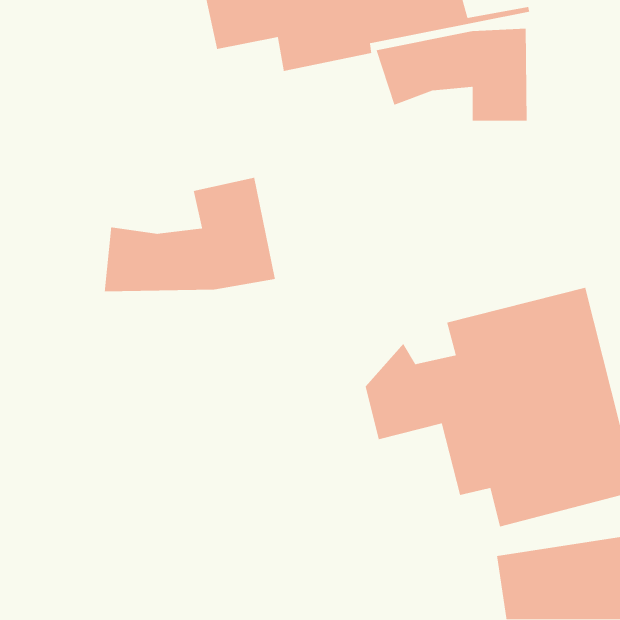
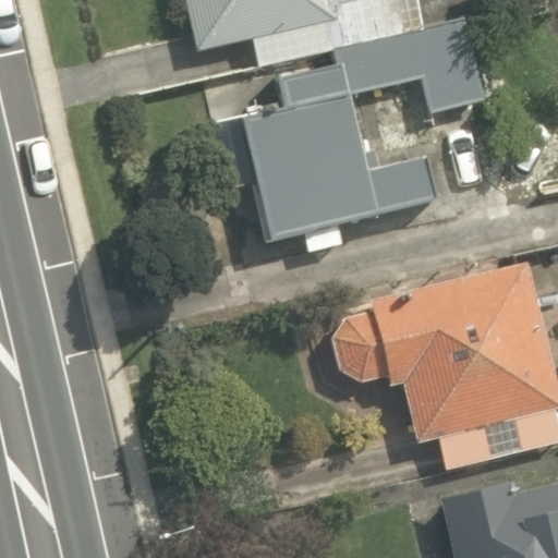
building: none -> [242,94,437,238]
building: [104,177,276,292] -> none

